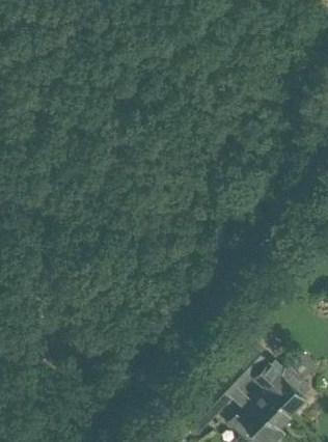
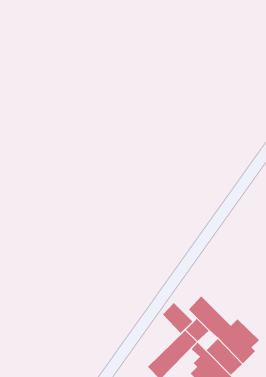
building: none -> [162,302,193,334]

